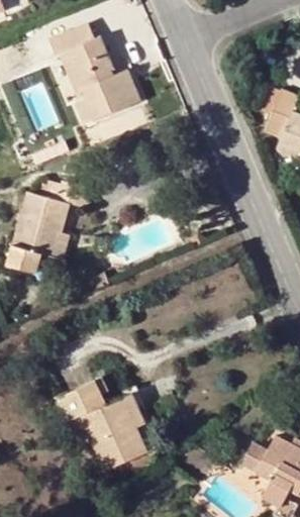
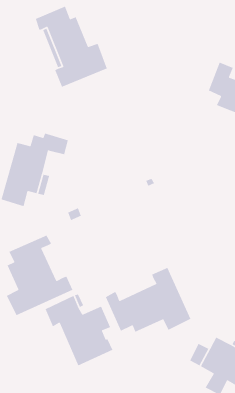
building: none -> [6,235,73,316]
building: none -> [105,267,191,333]

